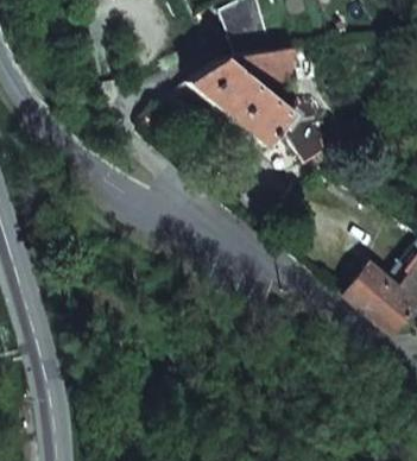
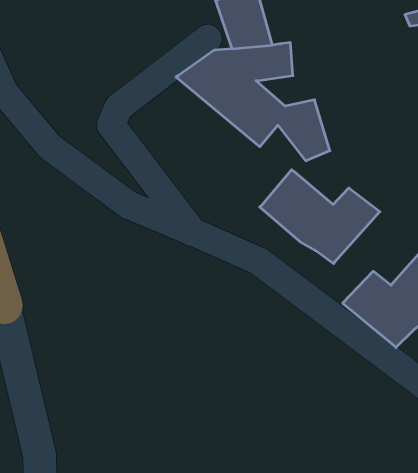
building: none -> [260,170,380,264]

